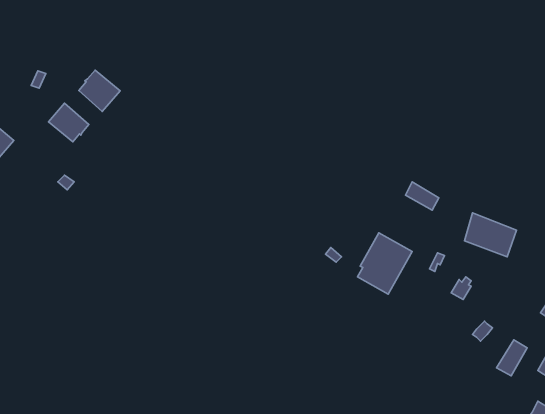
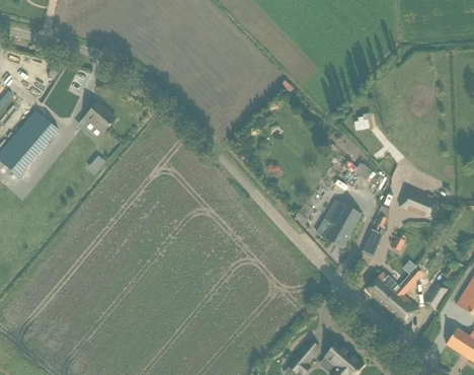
building: [79,70,120,111] -> none
building: none -> [366,272,418,323]

